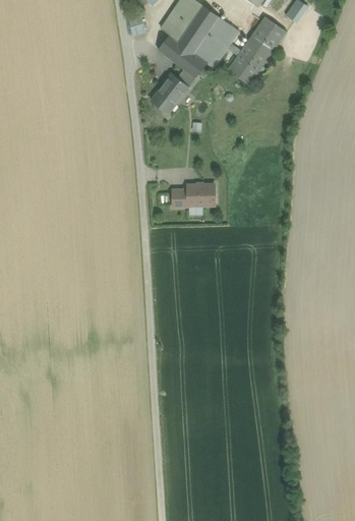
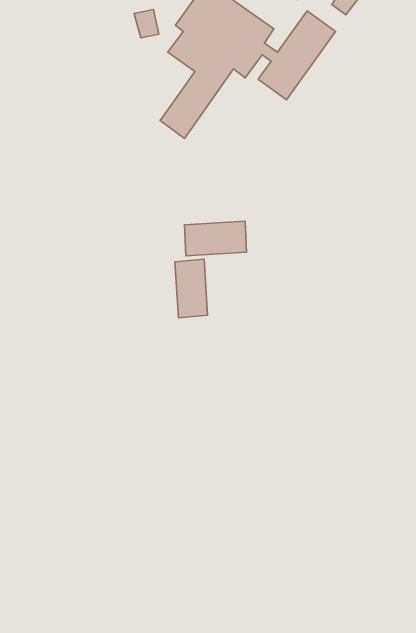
building: none -> [175,259,208,318]

